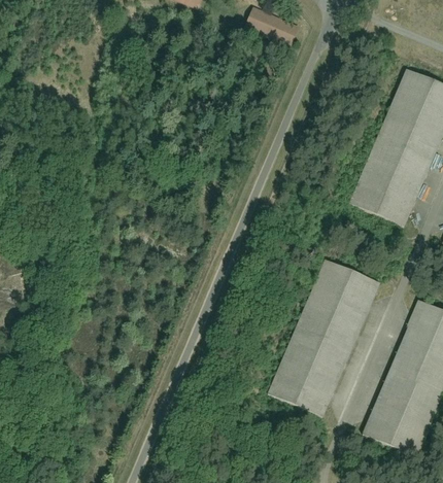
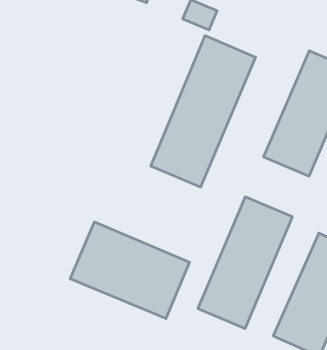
building: none -> [151,36,256,187]
building: none -> [70,222,190,319]

